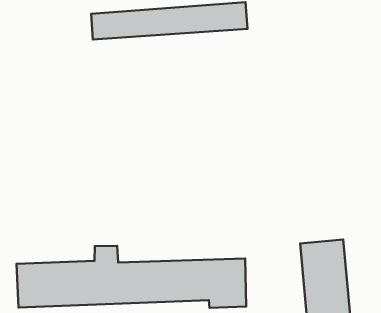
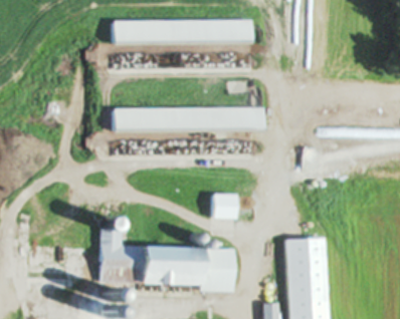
building: none -> [114,106,265,130]
building: none -> [213,194,237,219]

